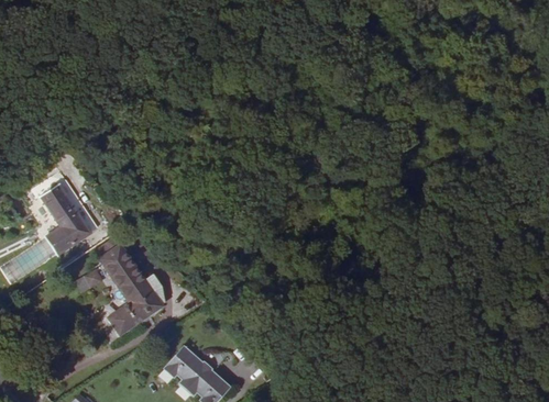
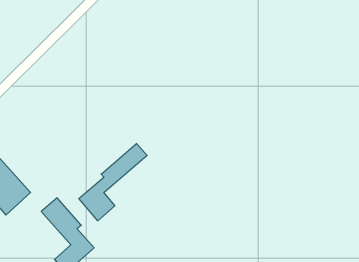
building: none -> [79,143,147,221]

